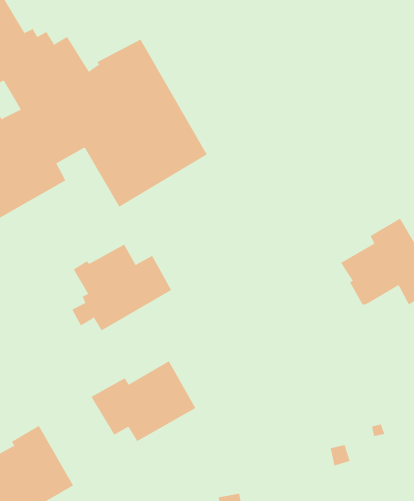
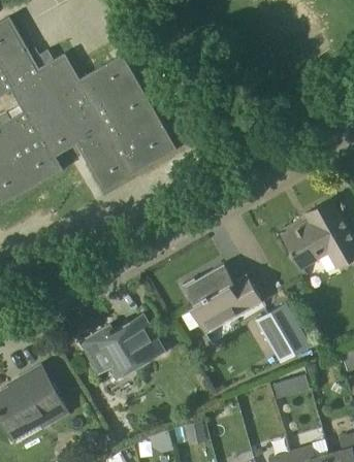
building: [72,244,172,331] -> [182,264,262,334]
building: none -> [255,302,311,363]

